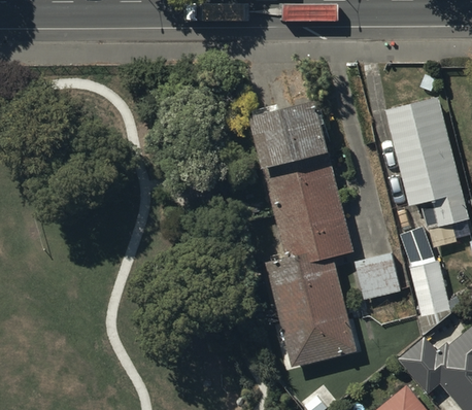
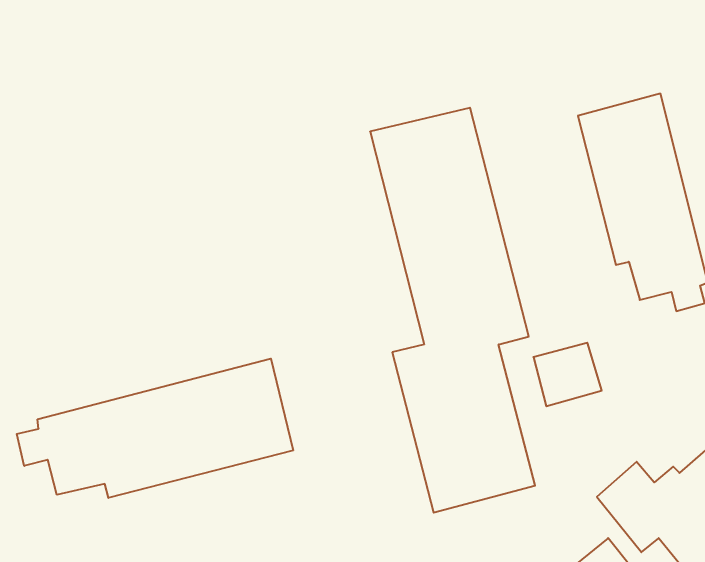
building: [408,248,449,317] -> none
building: none -> [17,359,293,498]

